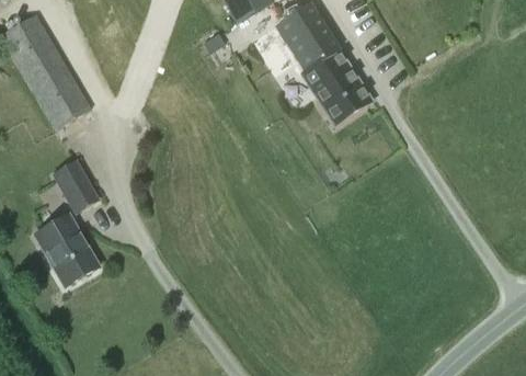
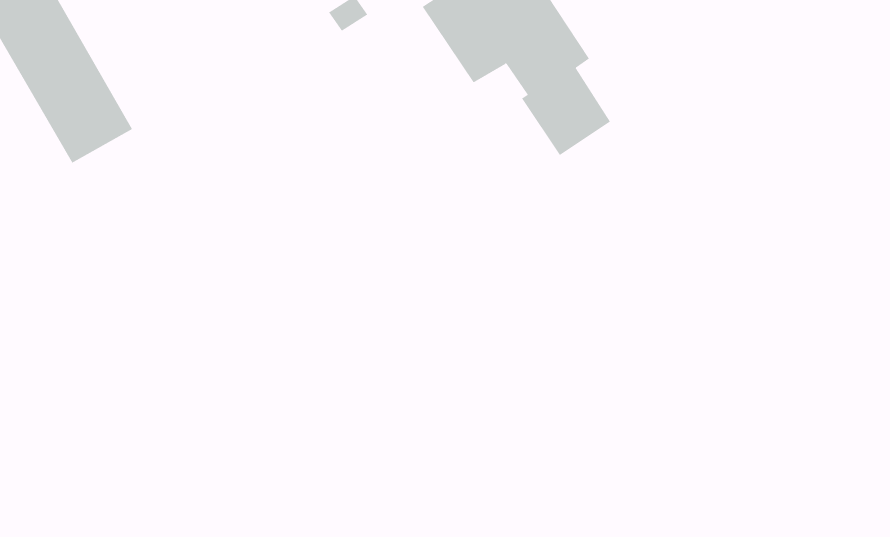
building: [54,160,96,209] -> none
building: [35,213,98,284] -> none

